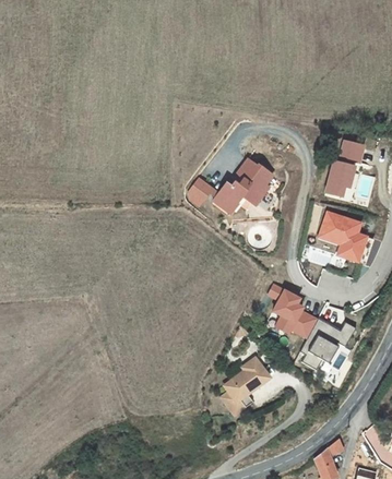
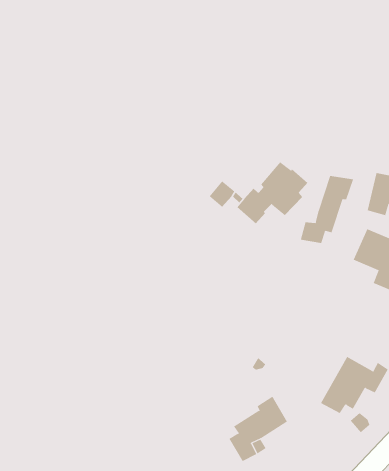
building: none -> [300,175,354,244]
building: [266,282,318,338] -> none

